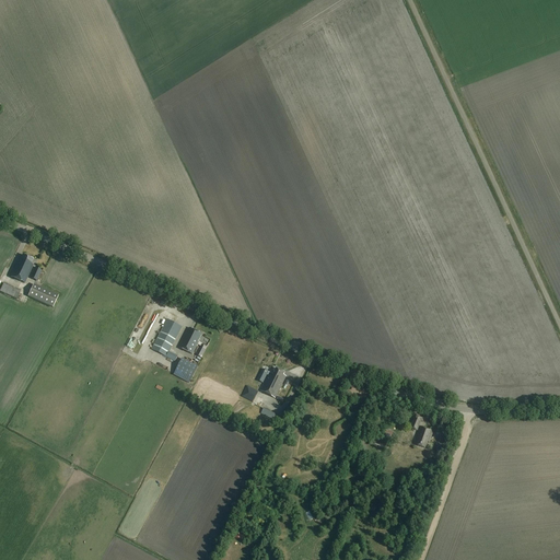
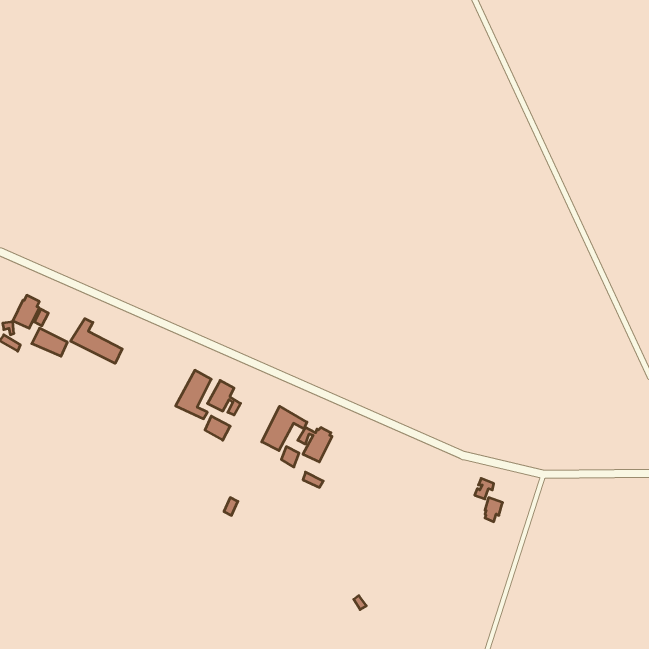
building: none -> [71,319,122,363]
building: none -> [262,406,307,451]

